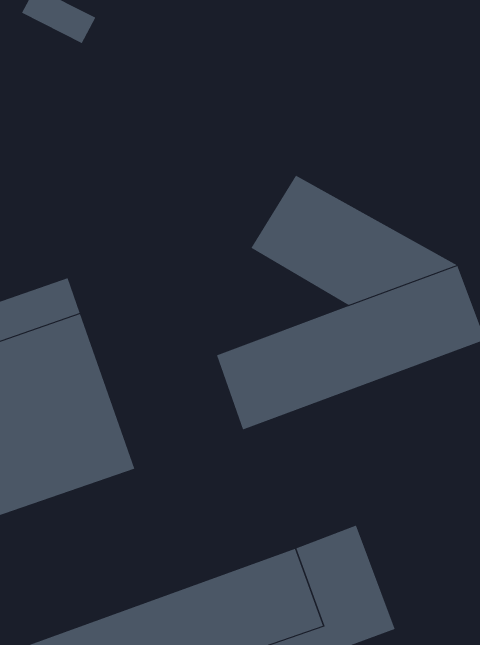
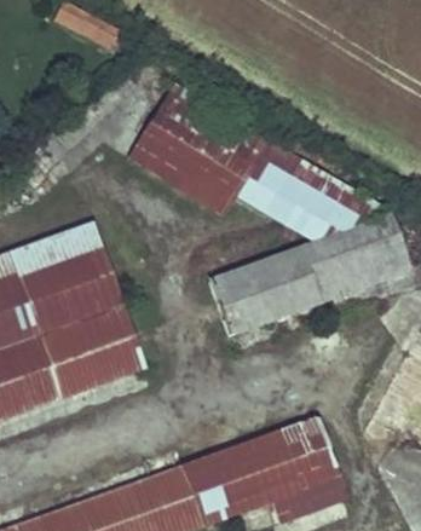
building: none -> [127,85,270,218]

